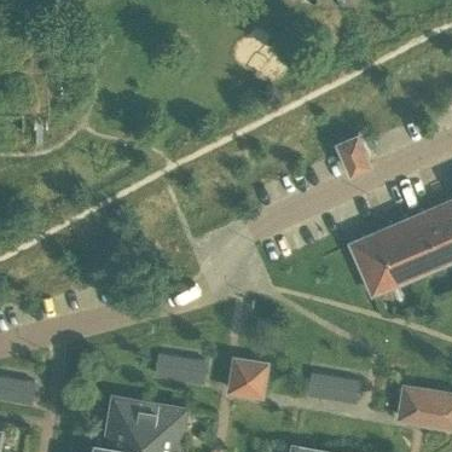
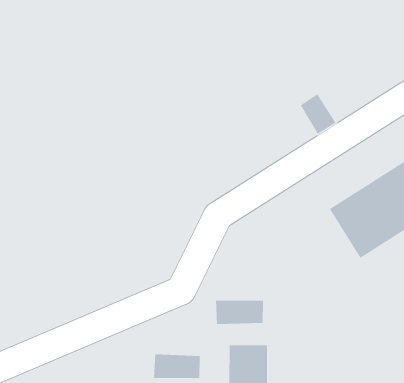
building: none -> [215,300,264,325]
building: [309,371,363,402] -> none

